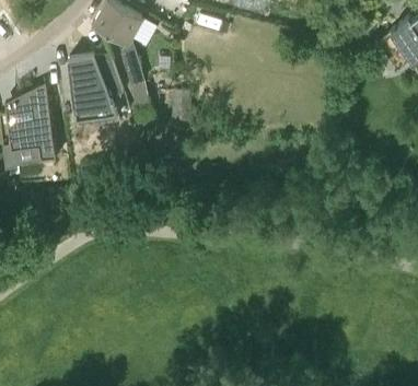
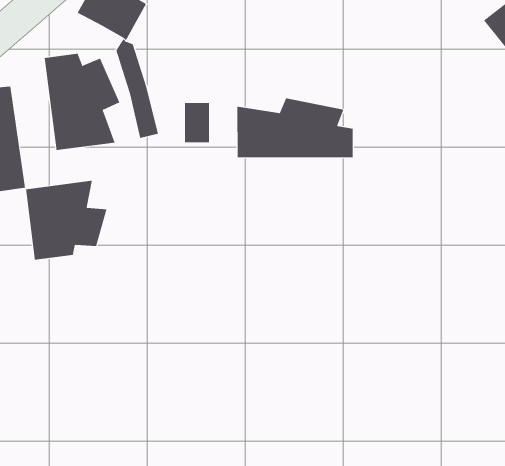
building: none -> [237,97,353,158]
building: none -> [25,180,107,261]

